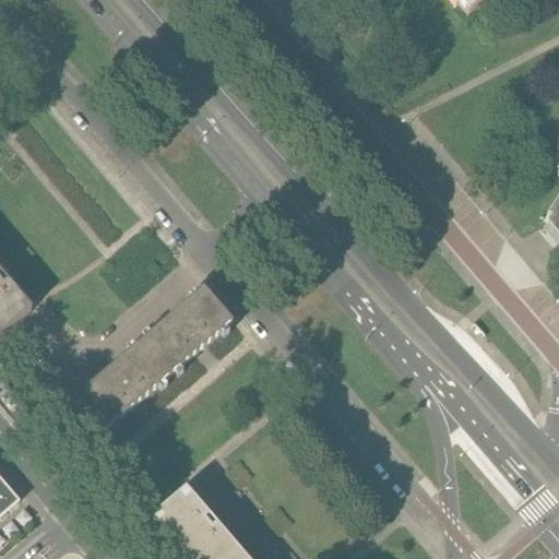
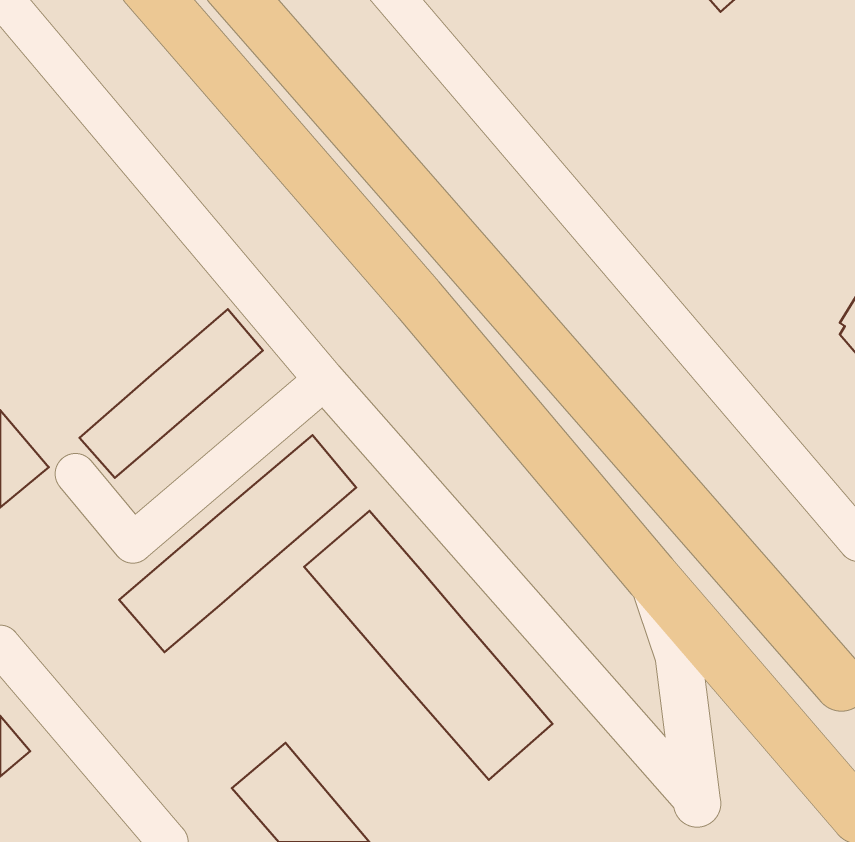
building: none -> [80,309,263,478]
building: none -> [304,511,552,780]

